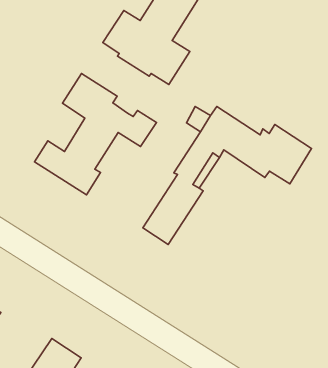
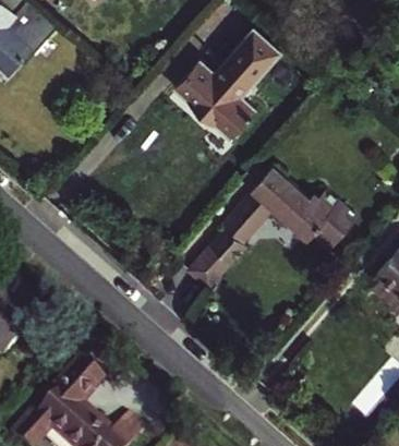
building: [35,74,156,195] -> none

